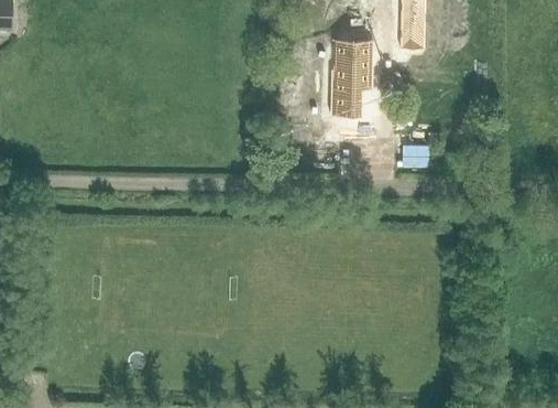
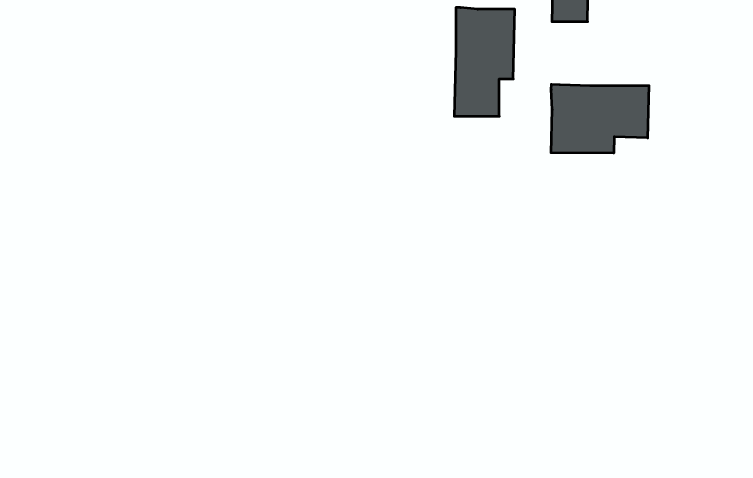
building: none -> [551,84,649,153]

